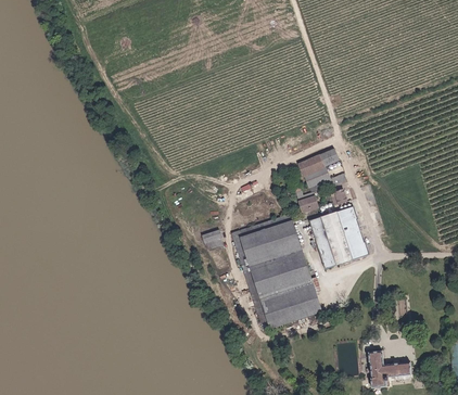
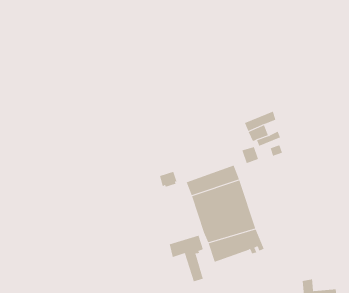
building: [310,207,369,269] -> none
building: none -> [169,235,204,282]

